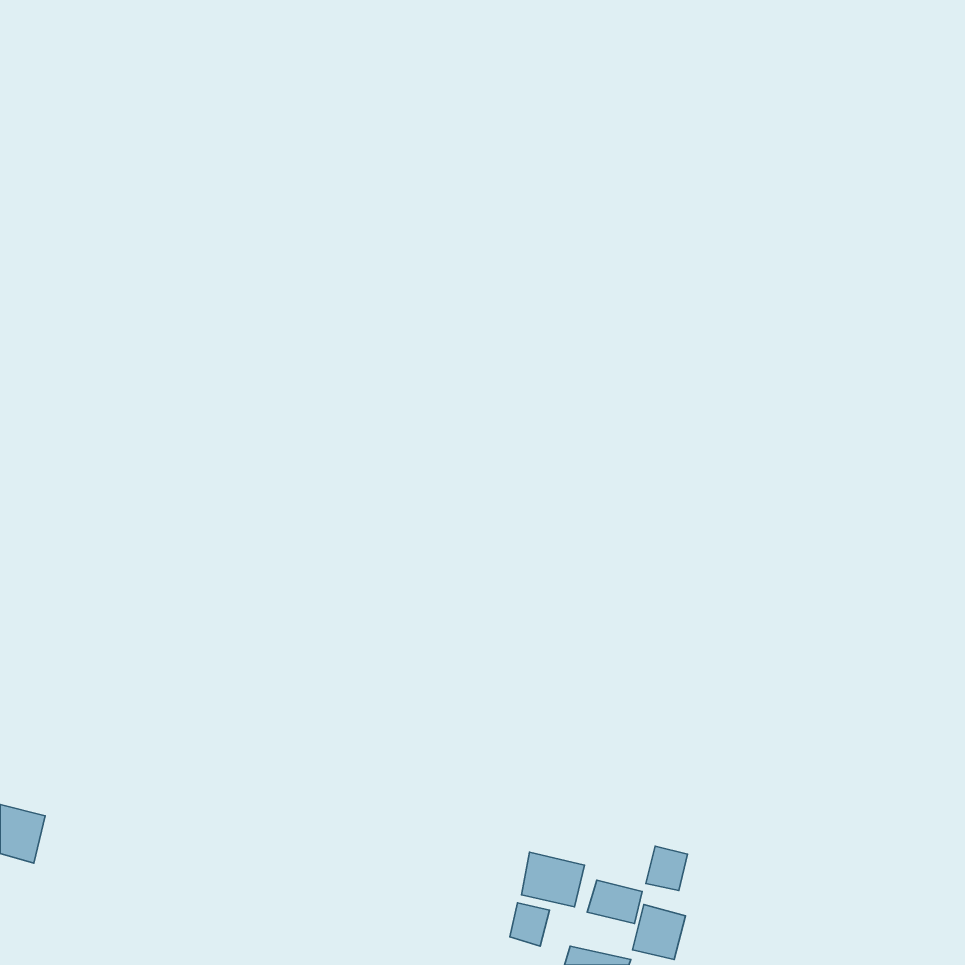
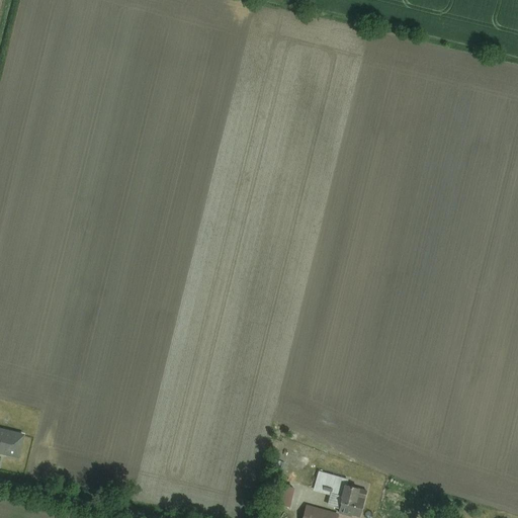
building: [646,846,687,890] -> none
building: [521,852,585,907] -> none

